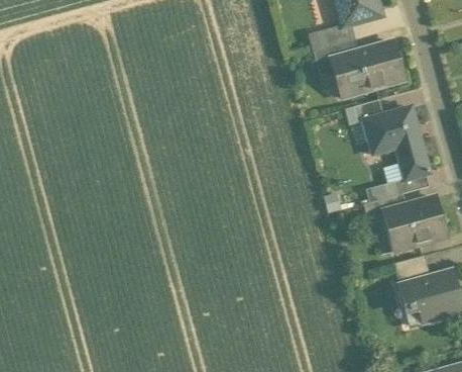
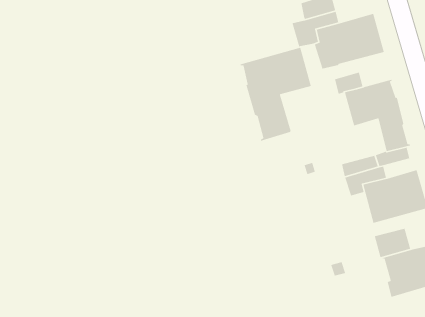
building: none -> [240,47,312,142]

